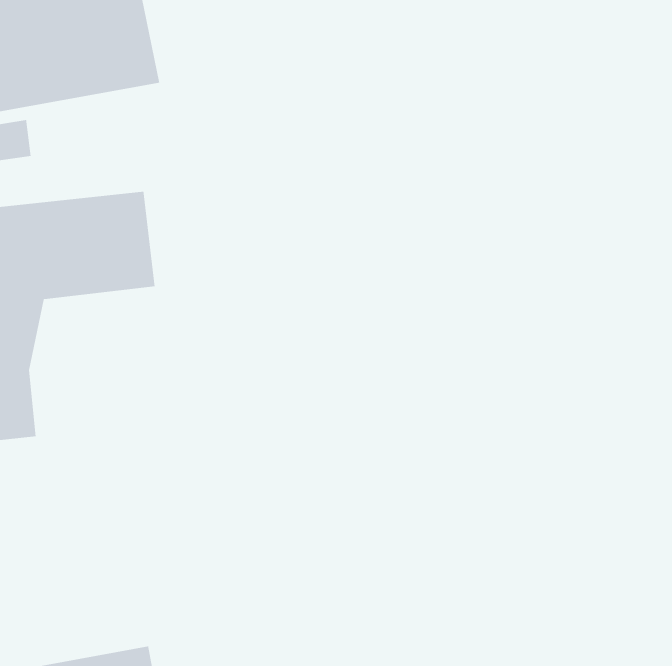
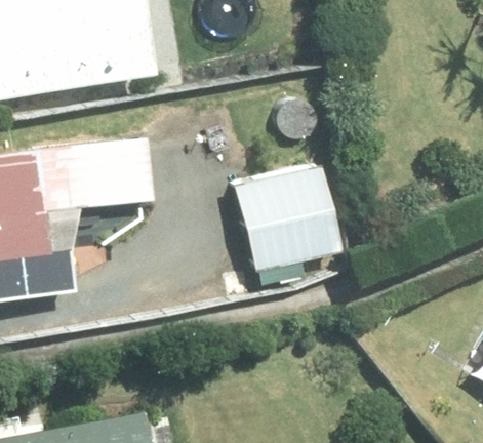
building: none -> [236,166,341,271]

